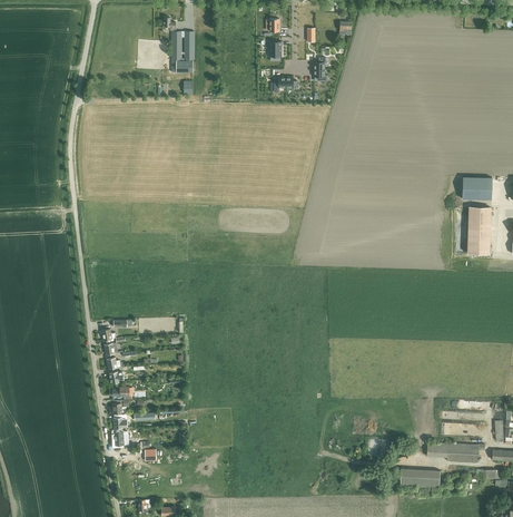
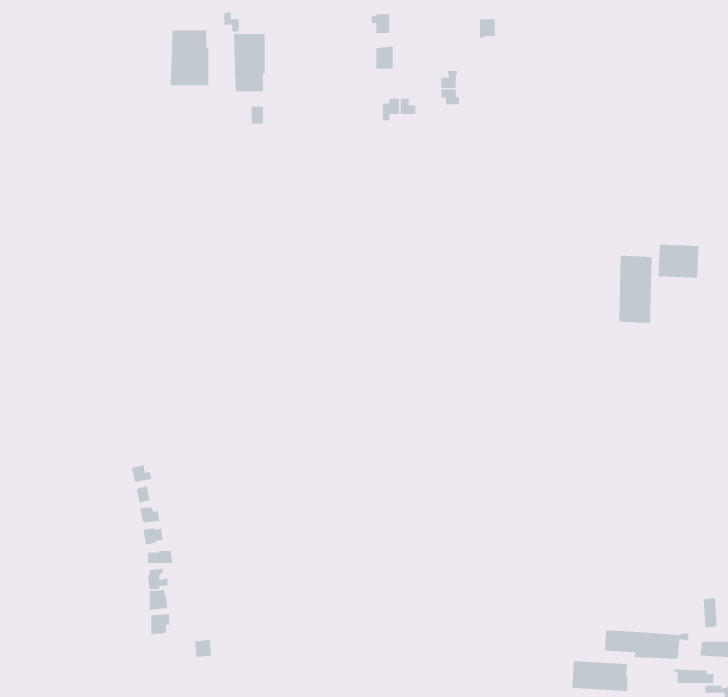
building: none -> [170,30,209,86]
building: [467,207,491,254] -> [618,255,652,323]

